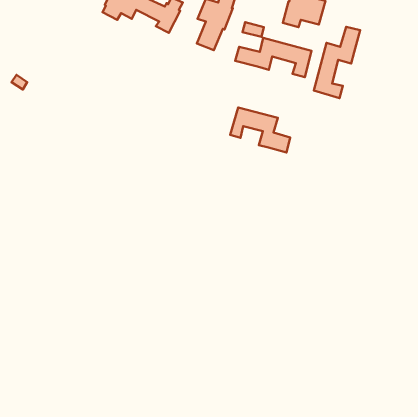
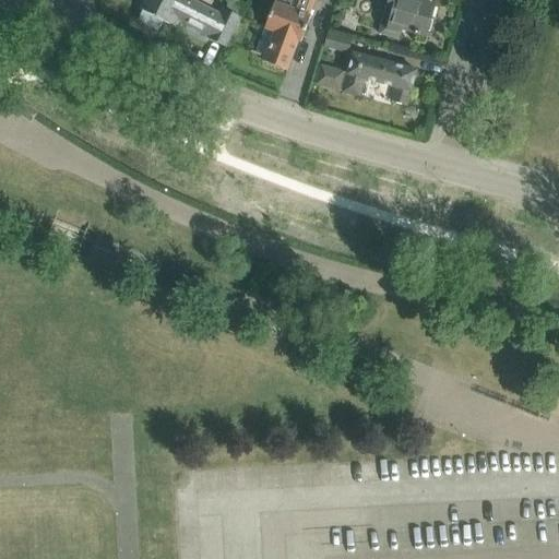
building: [314,27,360,98] -> none
building: [230,107,290,153] -> none

